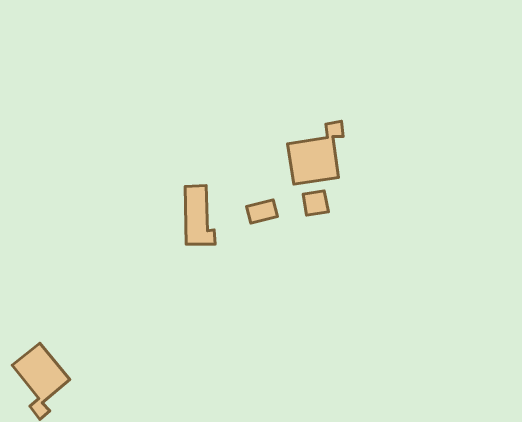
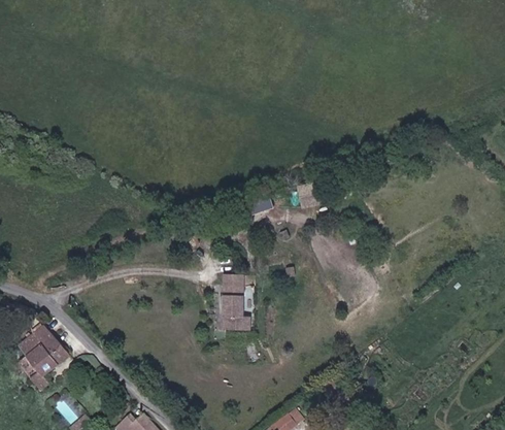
building: [288,121,343,184] -> none
building: [185,185,215,244] -> [222,275,249,330]

